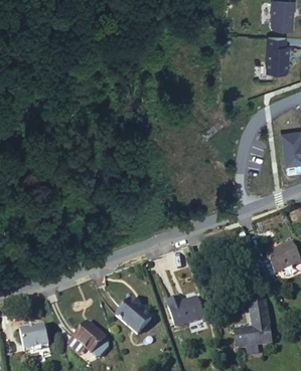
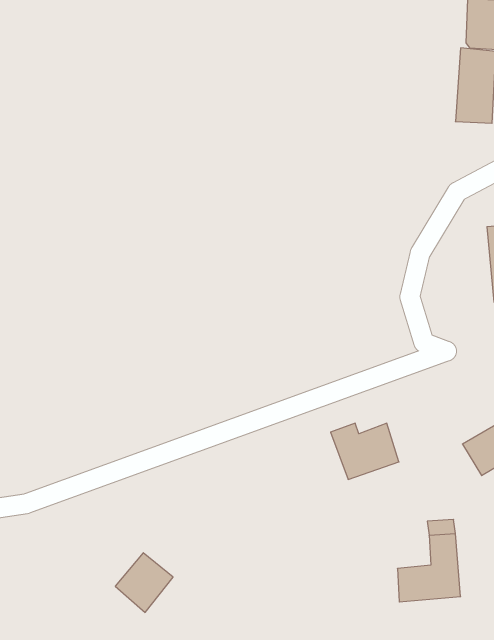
building: [114,295,151,334] -> none
building: [164,296,203,328] -> [331,423,399,479]
building: [19,321,47,345] -> none

